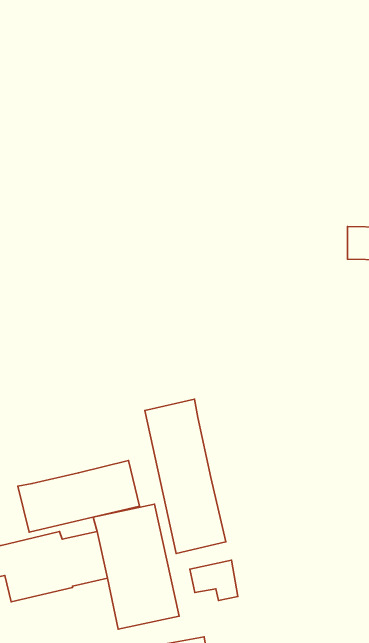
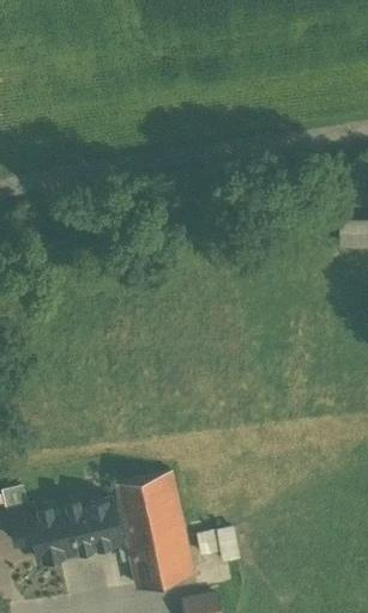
building: [145,399,226,553] -> none
building: [18,460,140,532] -> none

